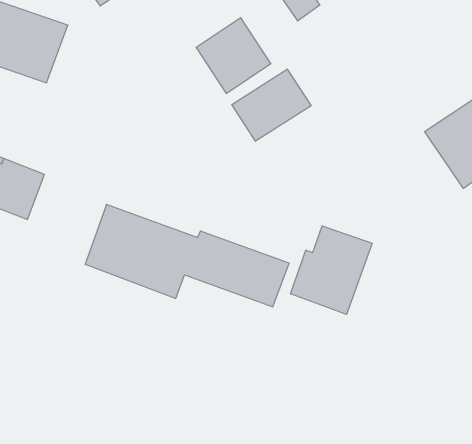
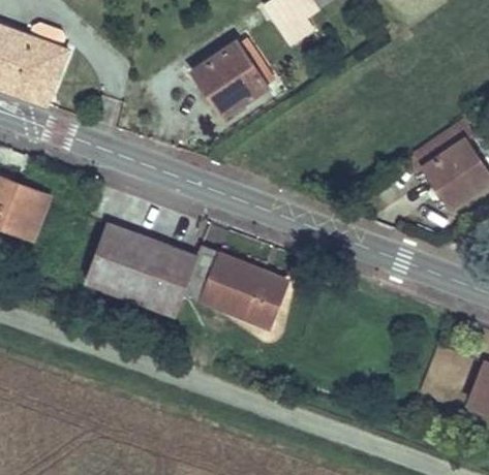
building: [232,69,311,141] -> none
building: [290,226,372,314] -> none

